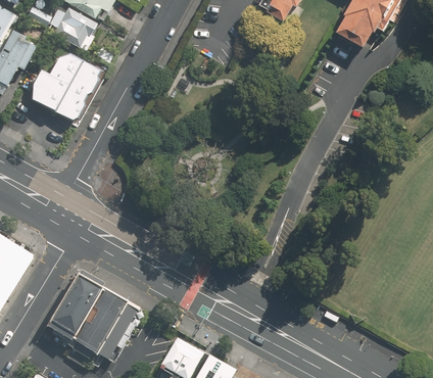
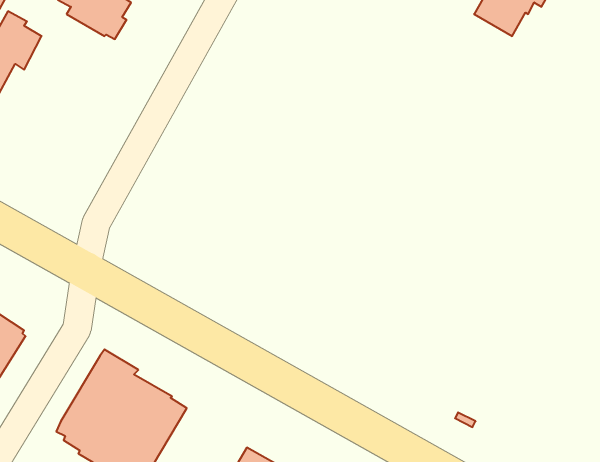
building: [31,56,100,122] -> none

